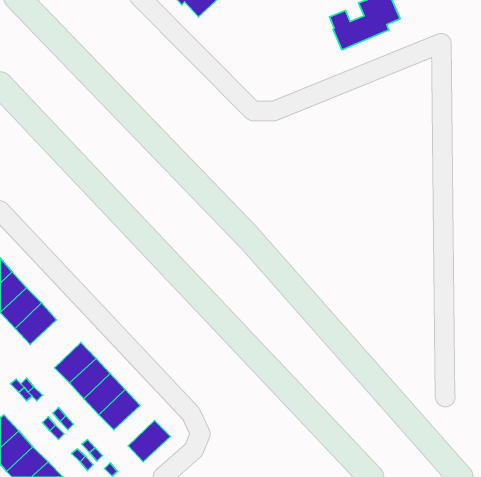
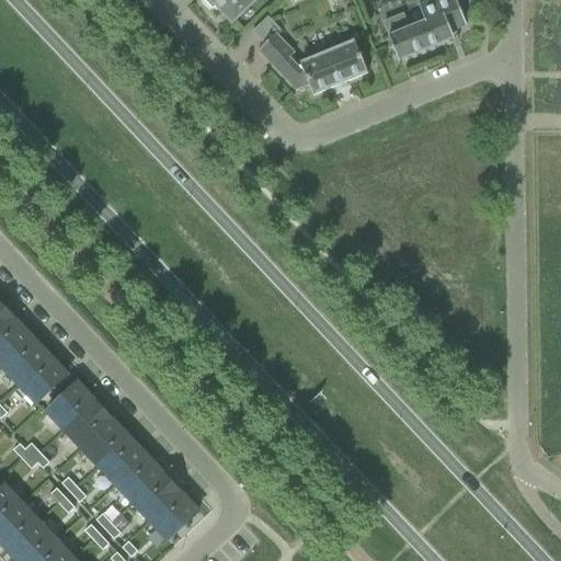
building: none -> [257,31,367,93]
building: none -> [46,380,94,428]
building: none -> [133,471,181,519]

